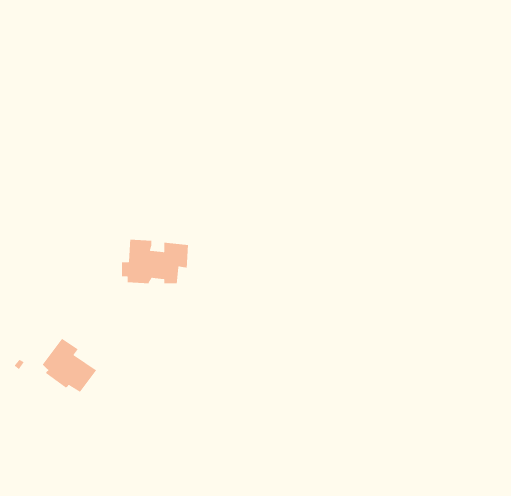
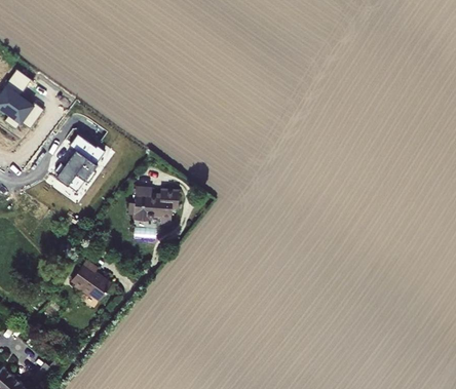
building: none -> [56,135,106,196]

